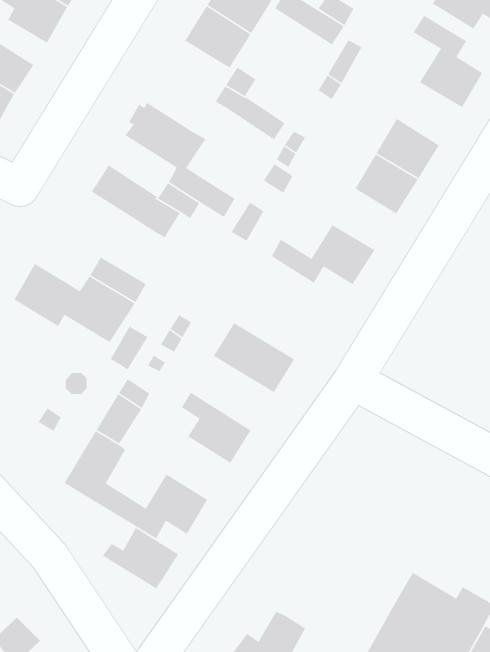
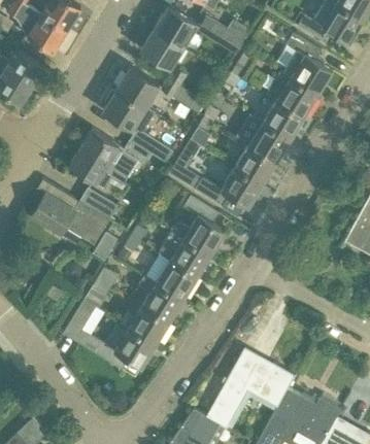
building: none -> [116,67,160,107]
building: none -> [266,70,318,116]
building: none -> [235,144,276,183]
building: none -> [68,146,128,189]
building: none -> [172,196,225,253]
building: none -> [156,259,198,299]
building: none -> [205,354,294,430]
building: [102,527,179,590] -> [121,303,170,343]

